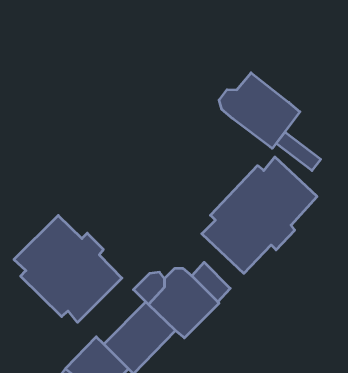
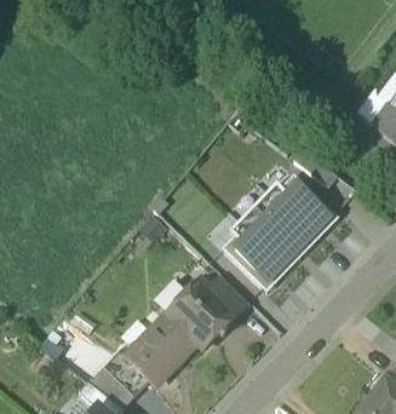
building: [219,73,300,148] -> none
building: [14,215,122,322] -> none

